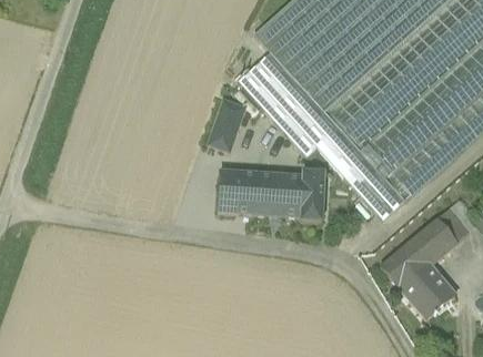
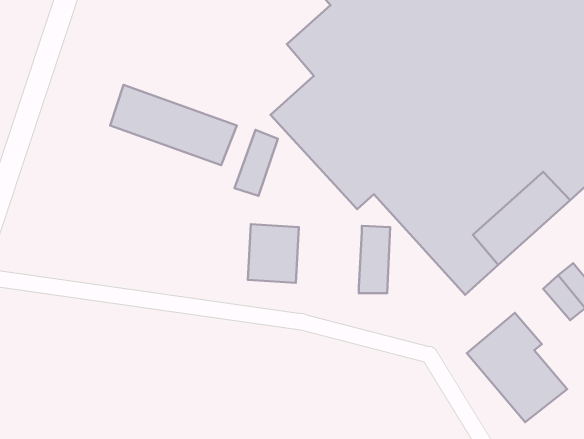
building: none -> [110,85,237,165]
building: [255,173,304,217] -> none
building: [417,218,459,259] -> none

